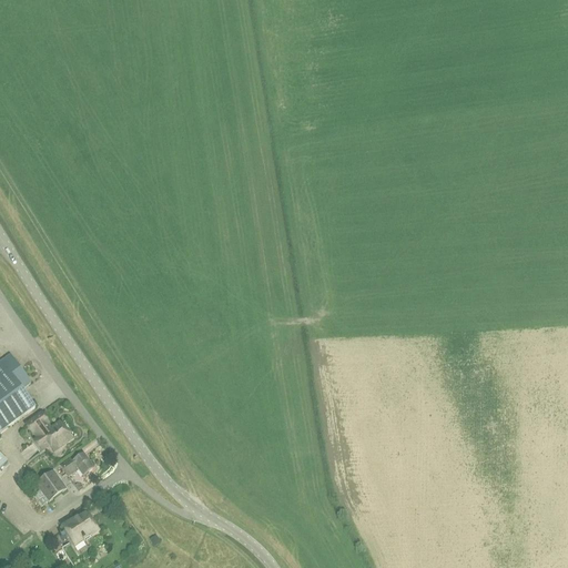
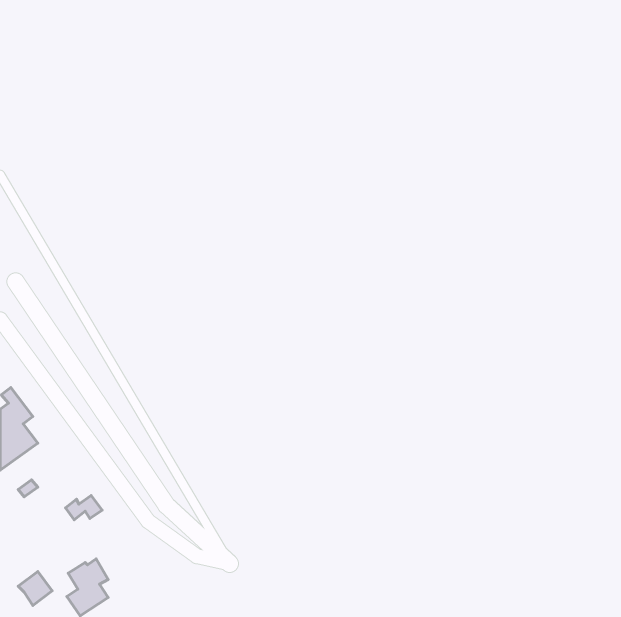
building: [24,412,71,449] -> none
building: [34,469,65,500] -> [18,571,52,605]

